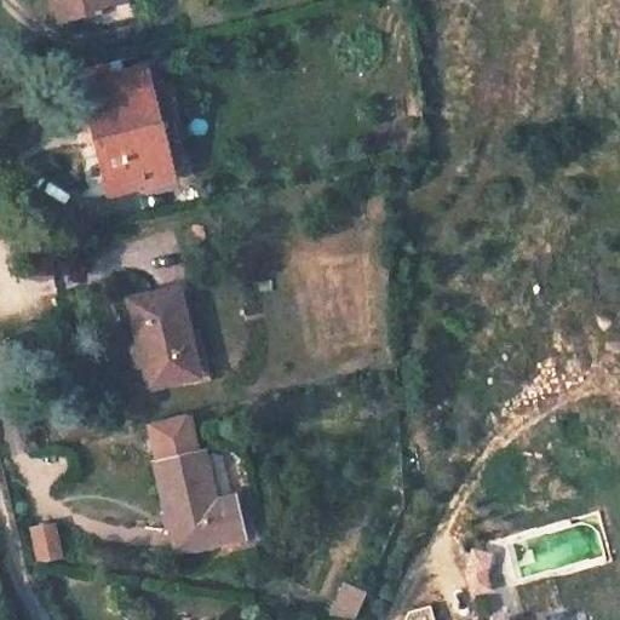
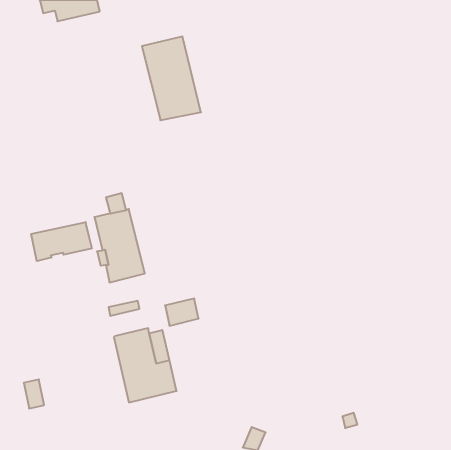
building: [86,73,167,188] -> [142,36,201,120]
building: none -> [31,222,92,261]
building: [151,425,197,463] -> [165,298,199,326]

